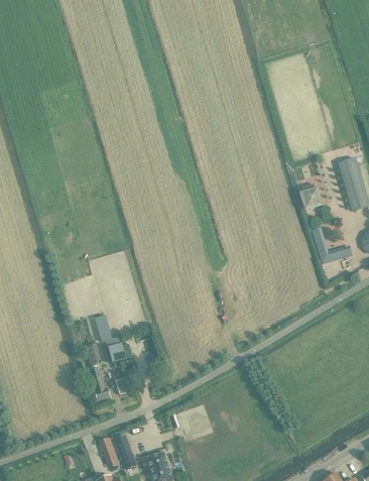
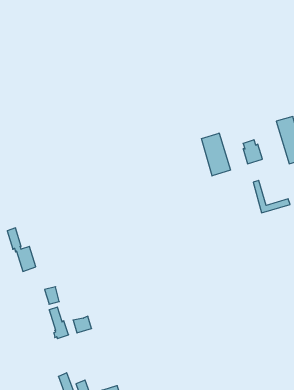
building: none -> [201,133,231,176]
building: [96,315,127,362] -> [7,228,36,271]

